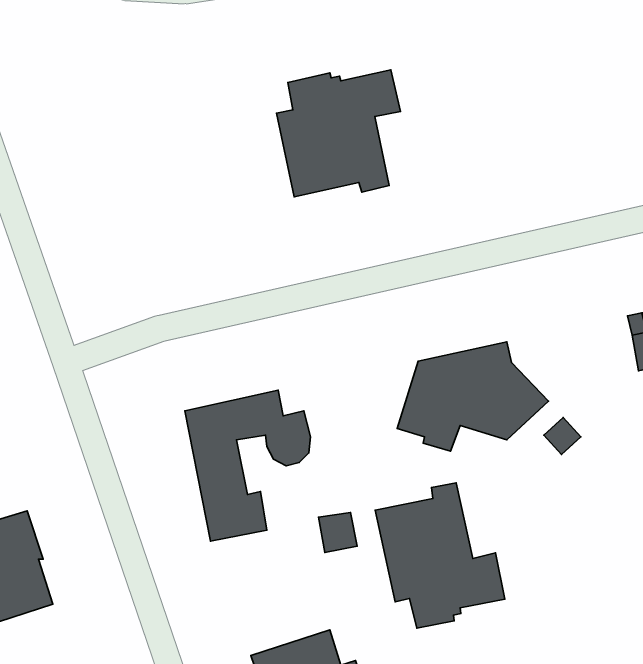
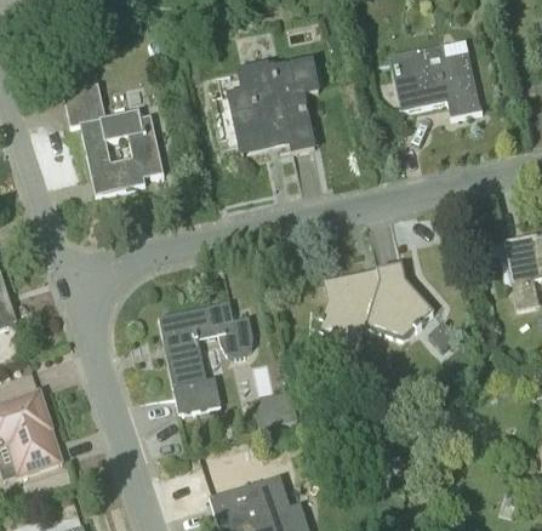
building: none -> [388,39,481,115]
building: none -> [62,82,164,194]
building: [375,483,505,628] -> none

